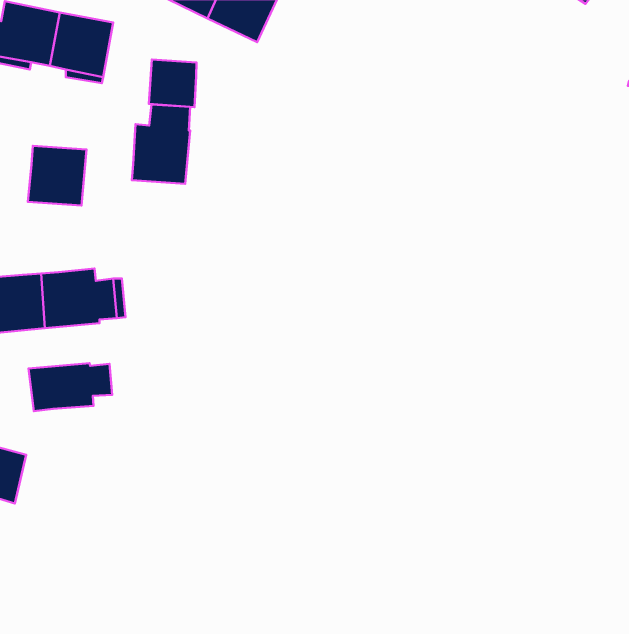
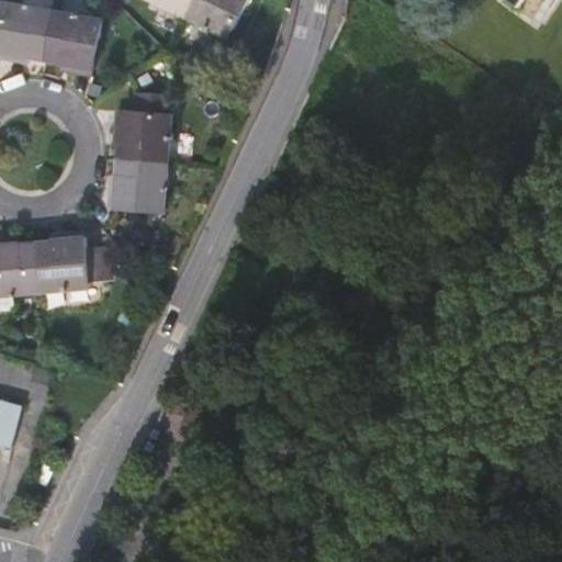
building: [149,59,197,107] -> none
building: [28,146,86,205] -> [112,159,164,212]
building: [28,363,112,411] -> none

